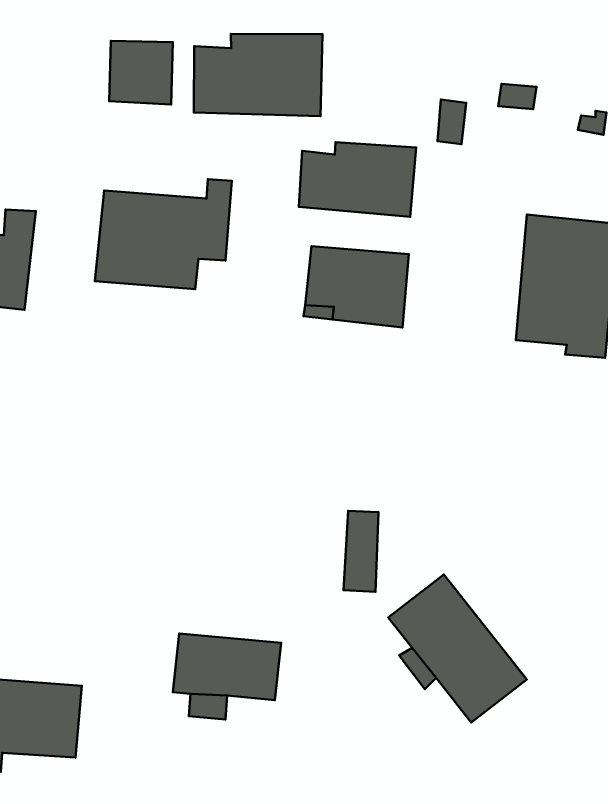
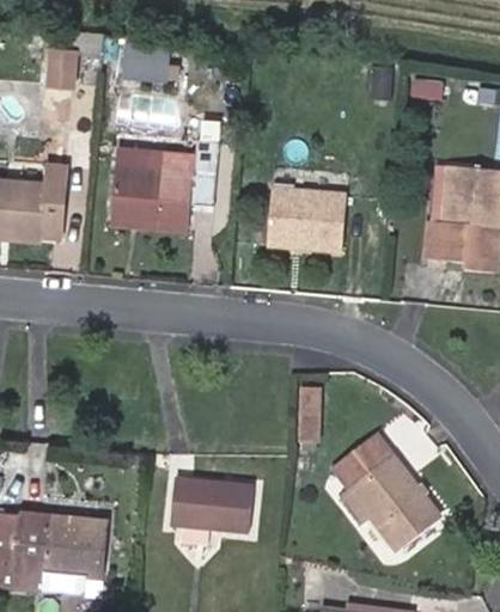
building: [194,34,322,116] -> none
building: none -> [49,49,80,90]
building: [299,142,416,217] -> none

